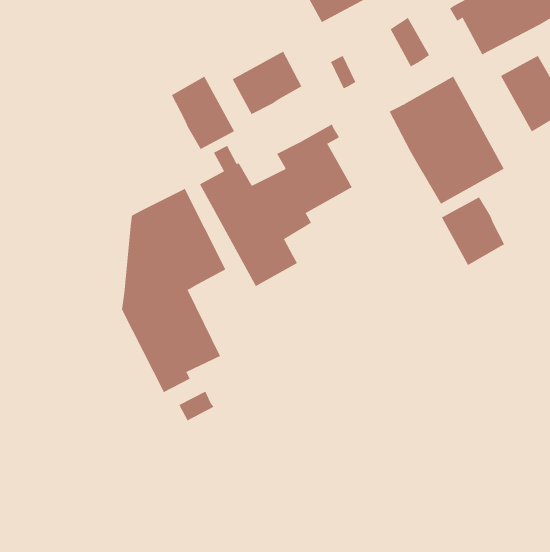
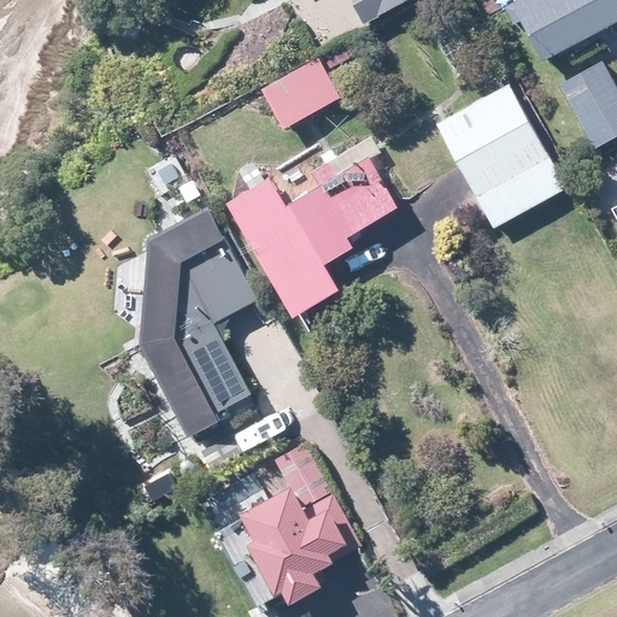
building: [171,76,235,150] -> none
building: [441,196,505,266] -> none
building: none -> [236,440,363,607]

